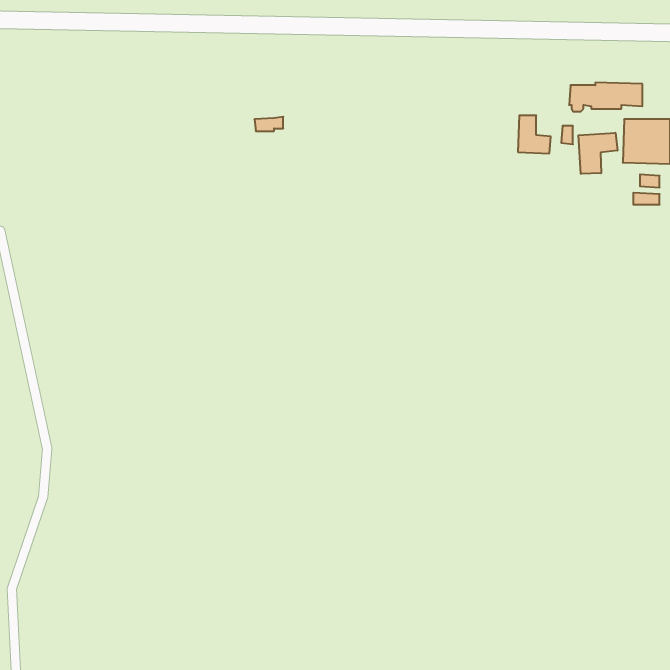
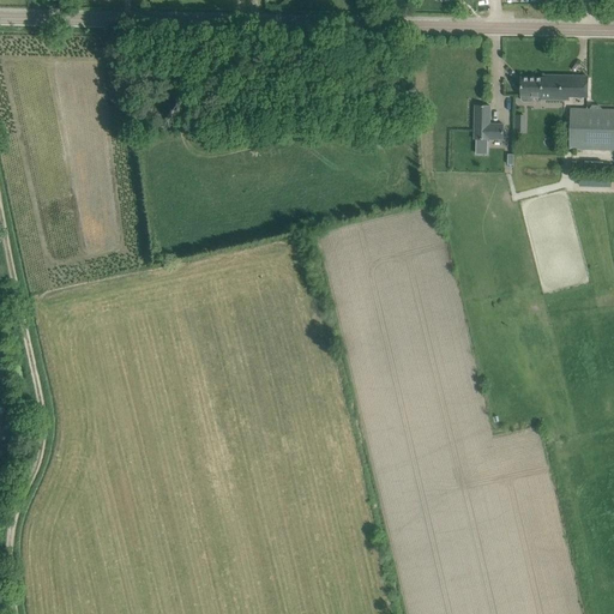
building: [578,133,617,174] -> none

